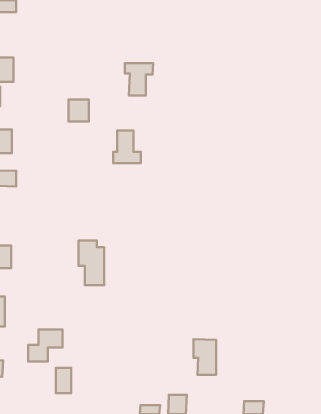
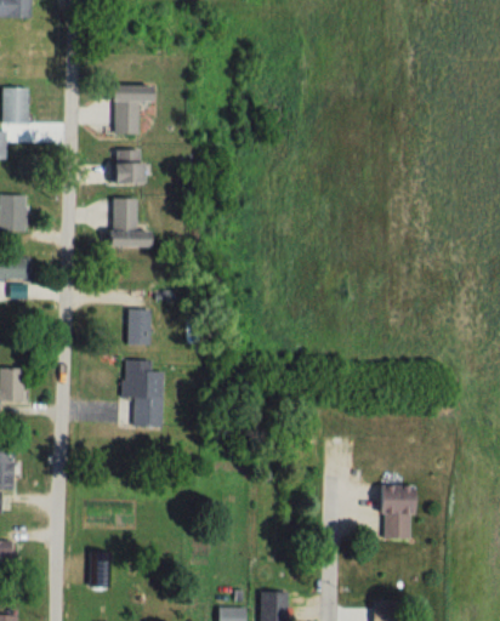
building: [125,63,153,95] -> [108,84,150,132]
building: [113,131,141,163] -> [106,198,147,246]
building: none -> [129,309,153,346]
building: [28,329,63,361] -> none
building: [193,339,216,375] -> [379,485,413,539]

